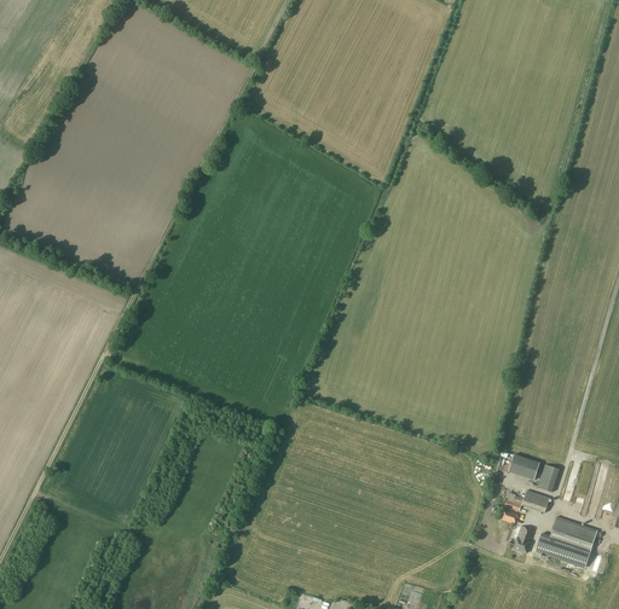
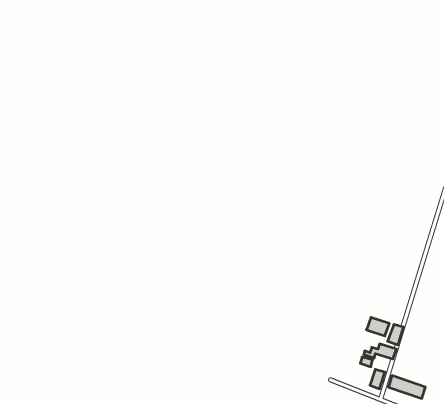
building: [549,516,596,550] -> none

